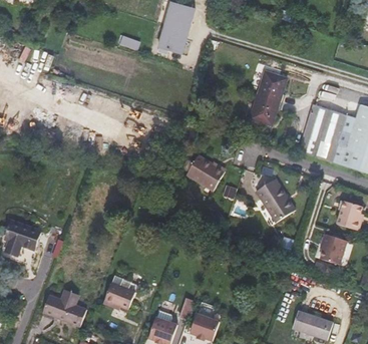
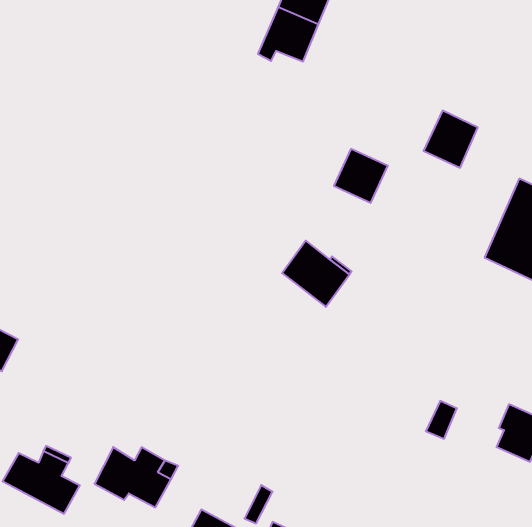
building: [250,95,279,124] -> [334,149,388,203]
building: [255,178,289,213] -> none

